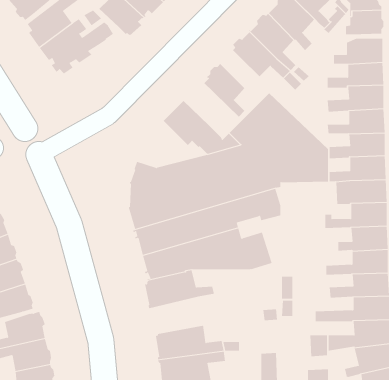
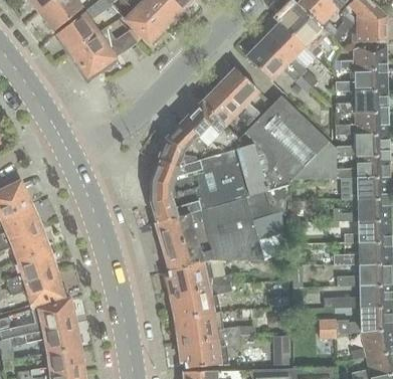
building: none -> [201,85,252,126]
building: none -> [158,122,223,165]
building: none -> [169,281,232,319]

